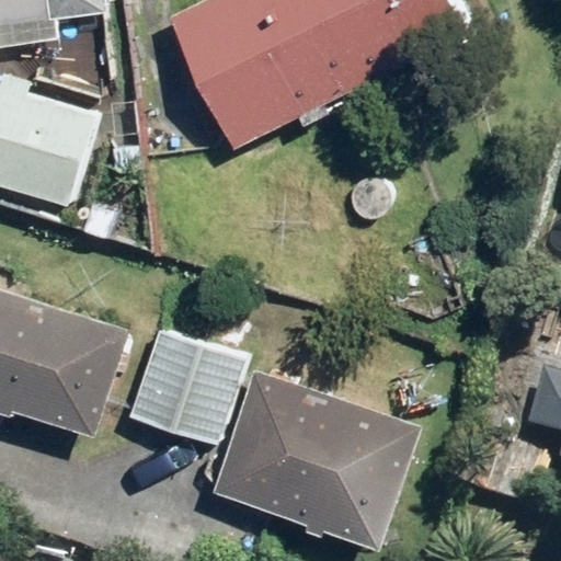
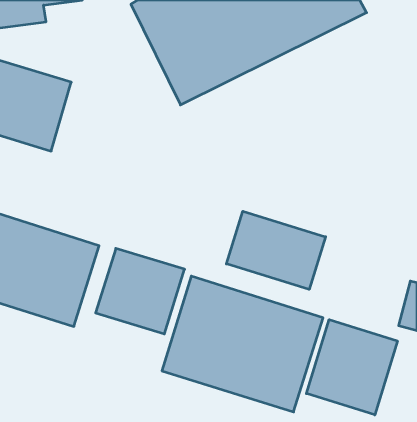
building: none -> [226,211,326,289]
building: none -> [306,320,397,415]

